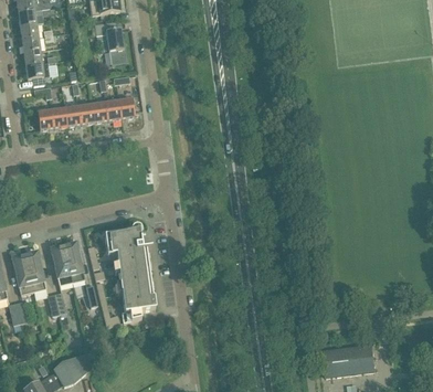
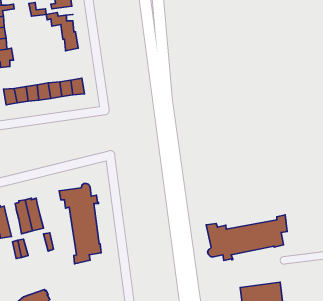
building: none -> [206,215,287,260]

